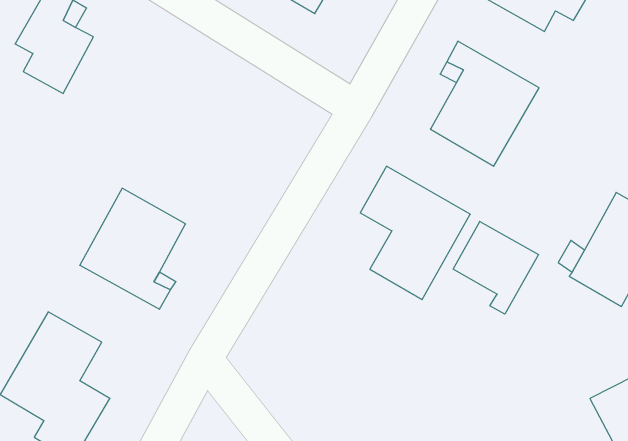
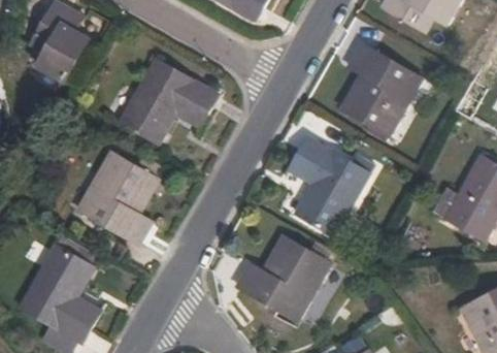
building: none -> [119,58,218,143]
building: [453,221,539,314] -> none
building: none -> [236,233,332,322]

